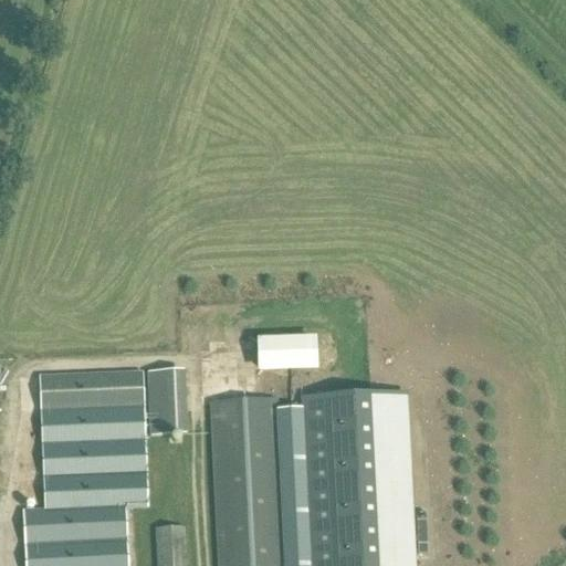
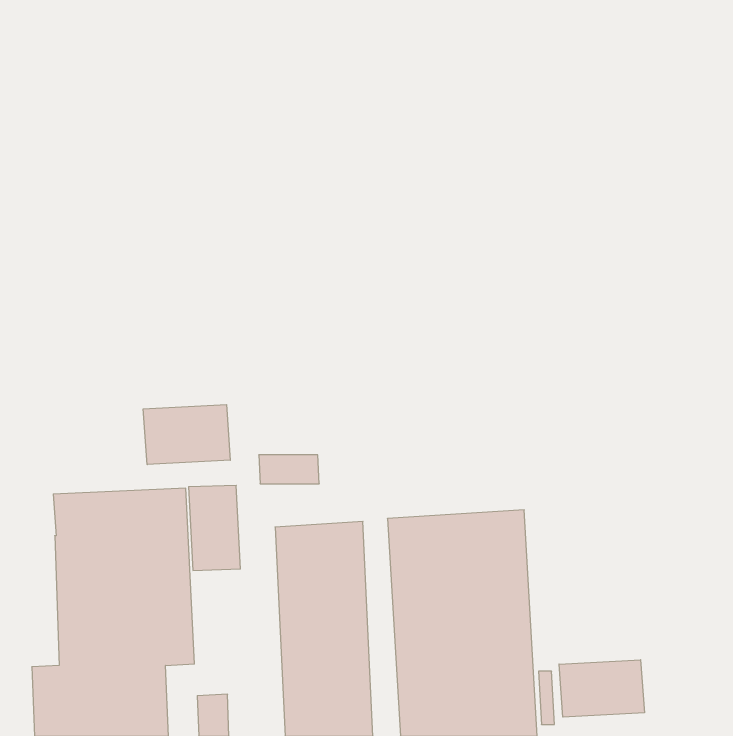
building: none -> [143,405,230,465]
building: [261,340,307,363] -> [259,455,319,484]
building: none -> [559,660,644,717]

